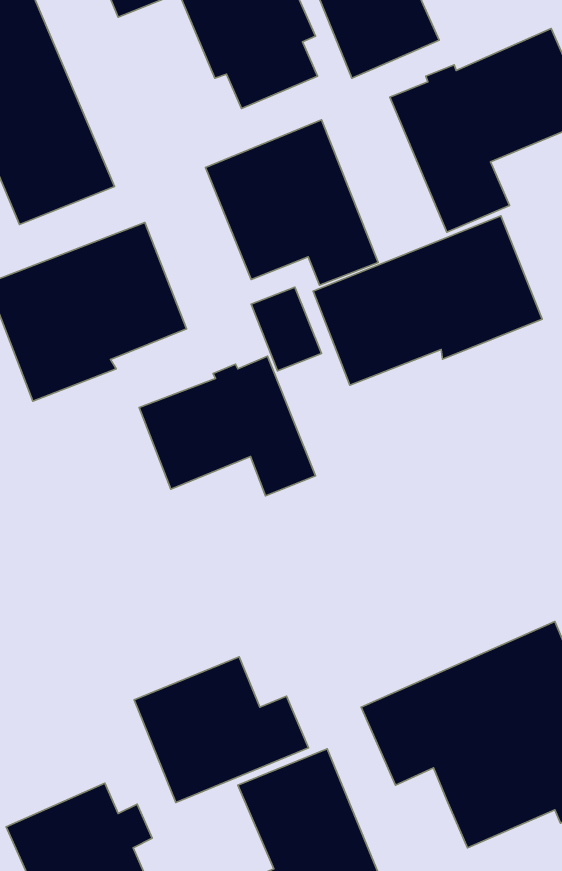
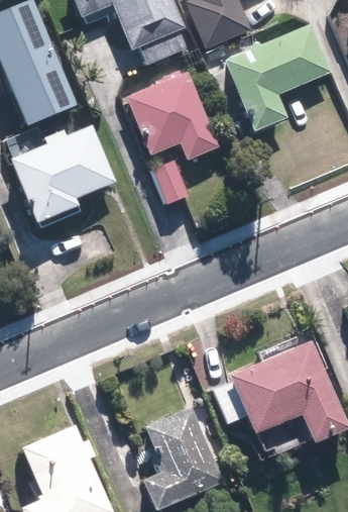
building: [313,216,542,385] -> none
building: [139,356,315,496] -> none
building: [134,657,308,803] -> none

